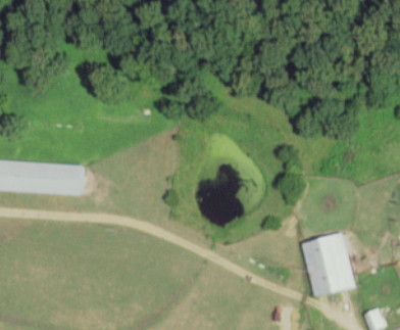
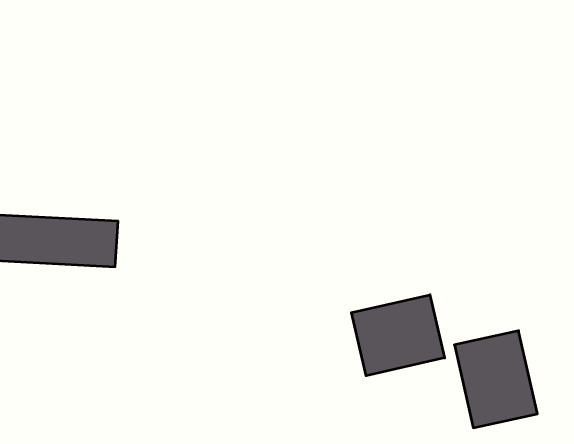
building: none -> [351,295,445,376]

